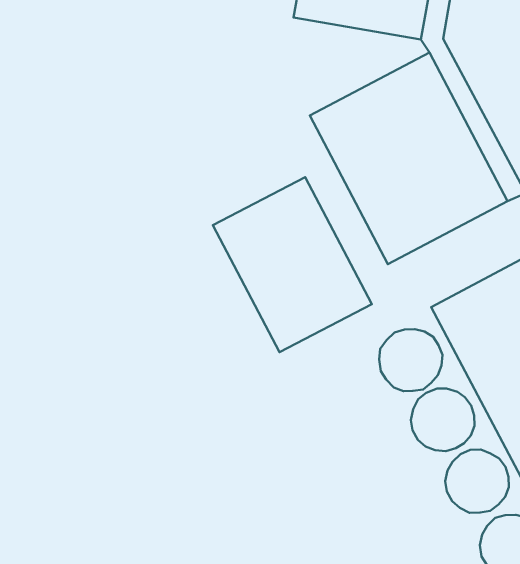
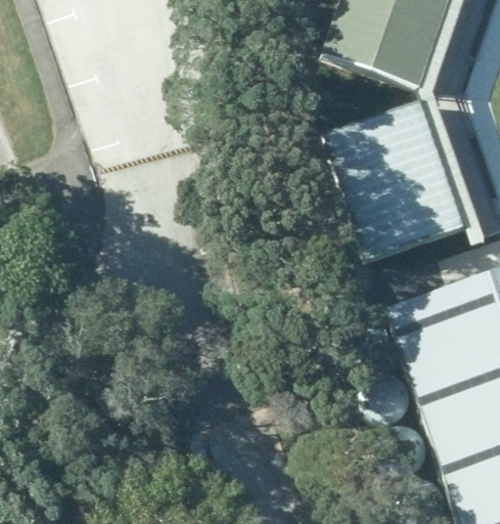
building: [213,177,372,352] -> none

